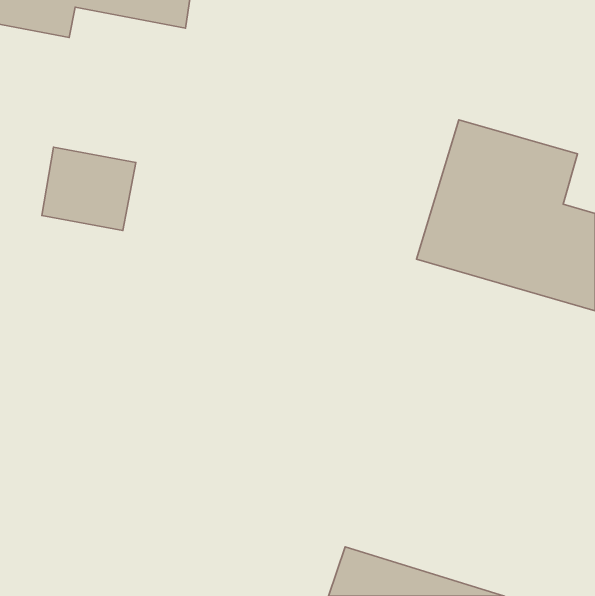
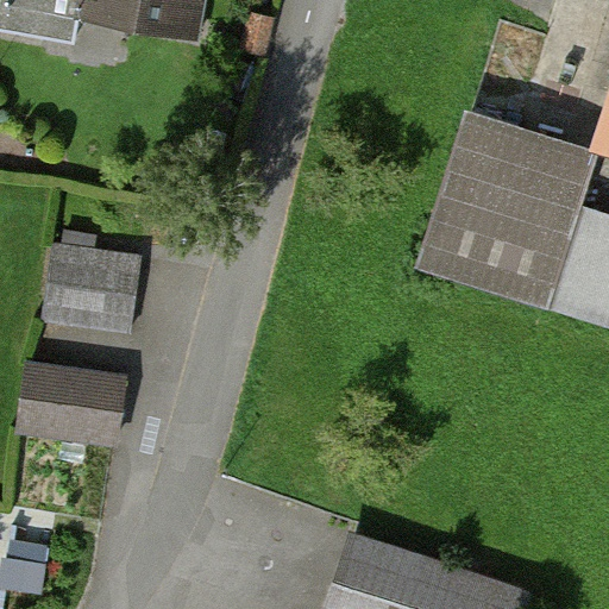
building: [42,147,136,231] -> [50,247,145,332]
building: none -> [13,371,125,451]

